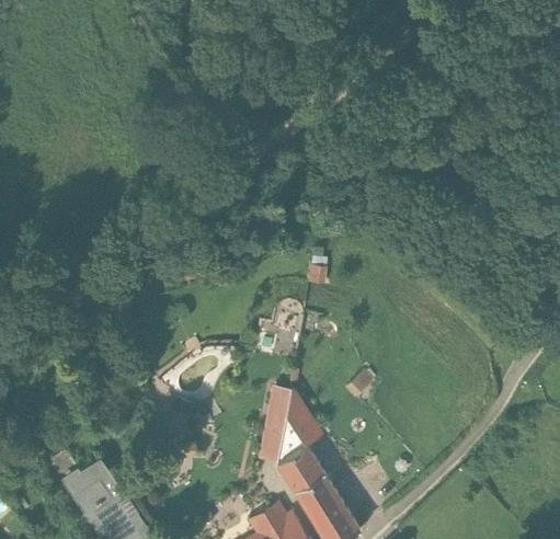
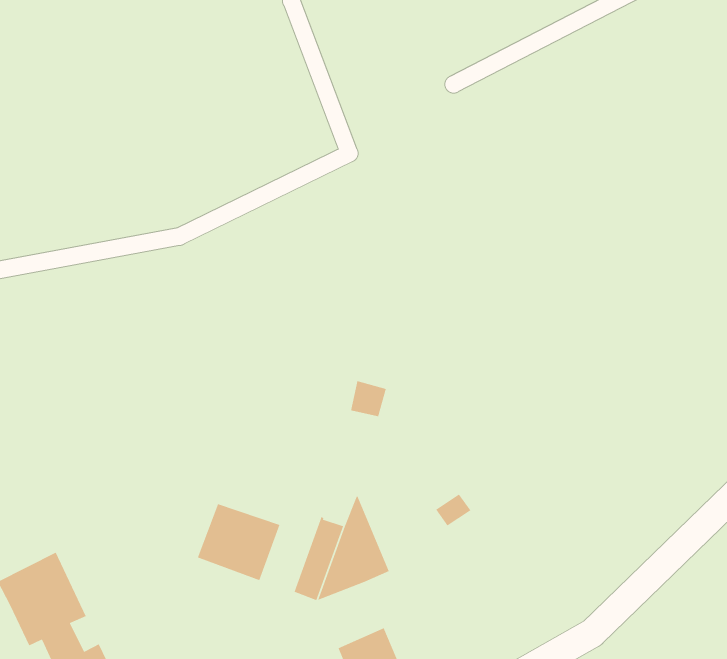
building: none -> [197,503,281,581]
building: [275,444,322,490] -> none

